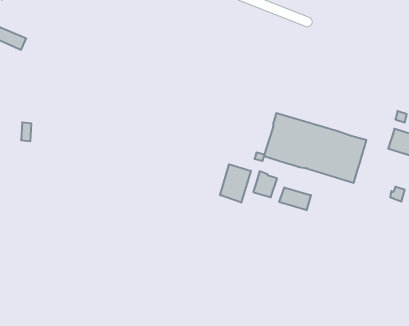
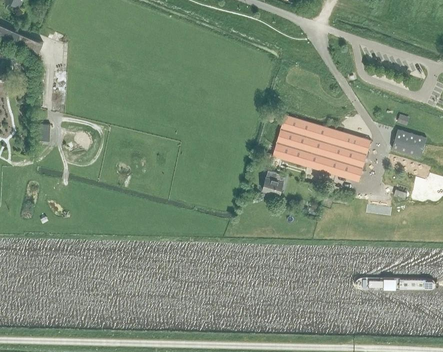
building: [220,164,251,203] -> none
building: [279,187,311,210] -> none

